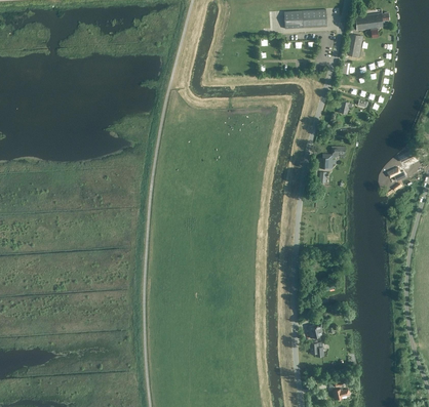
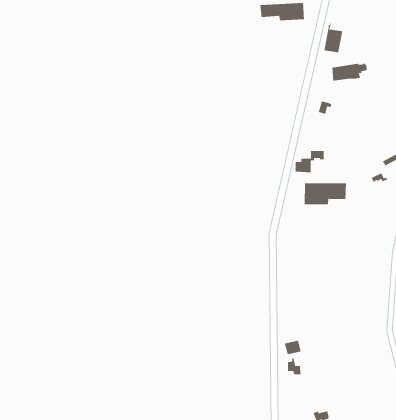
building: [355,12,389,30] -> [331,63,368,82]
building: none -> [304,183,347,205]

